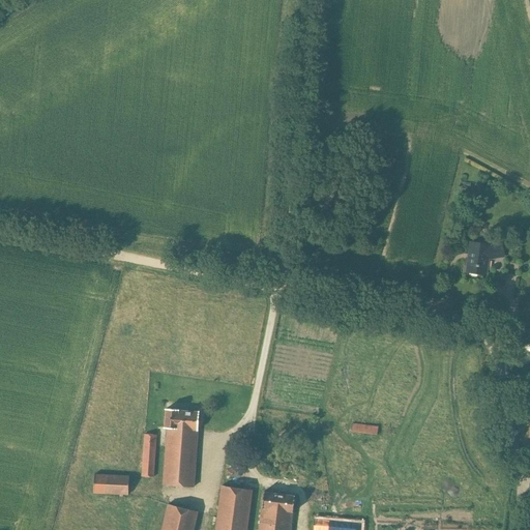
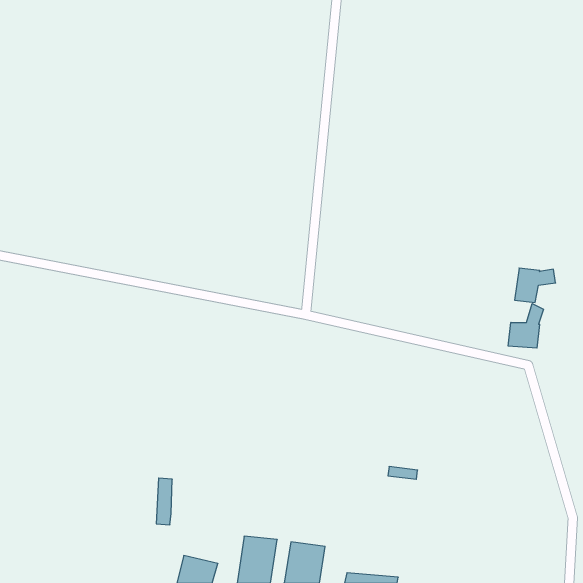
building: none -> [508,304,544,348]
building: [163,409,198,487] -> none
building: [93,474,127,496] -> none

